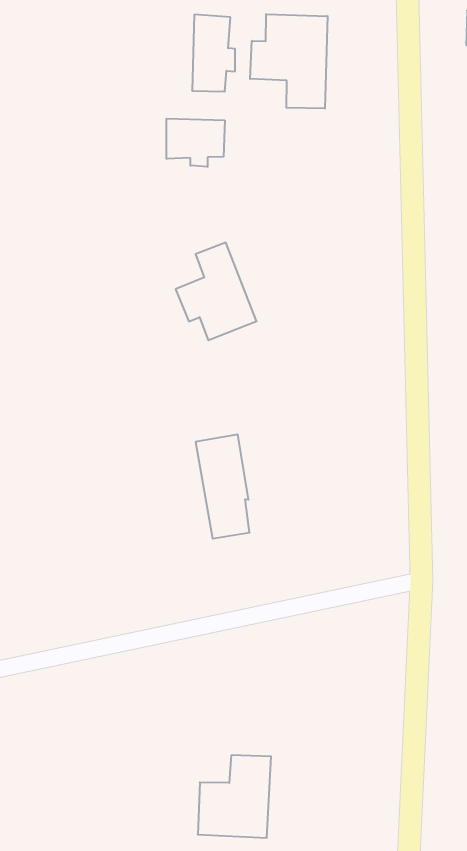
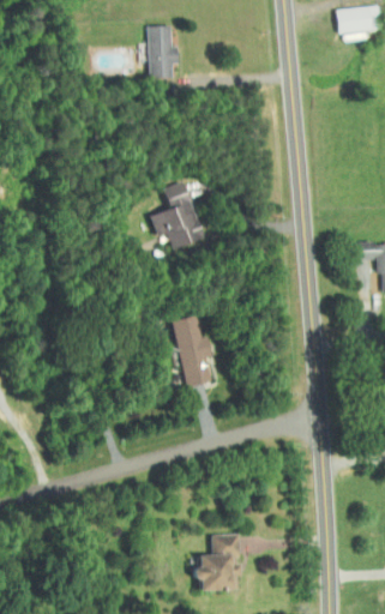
building: [250,14,328,109] -> none
building: [166,119,225,167] -> none

